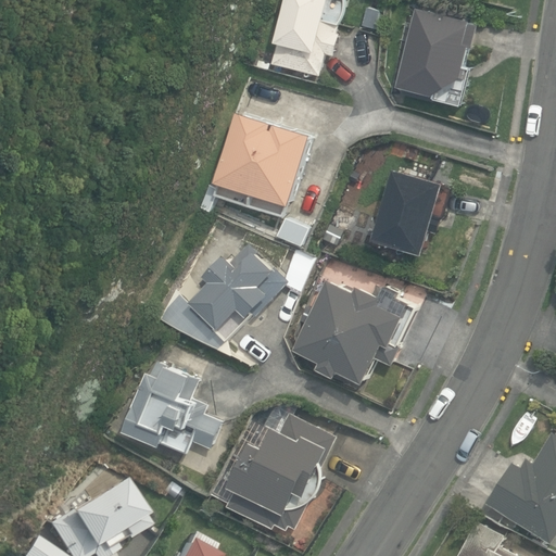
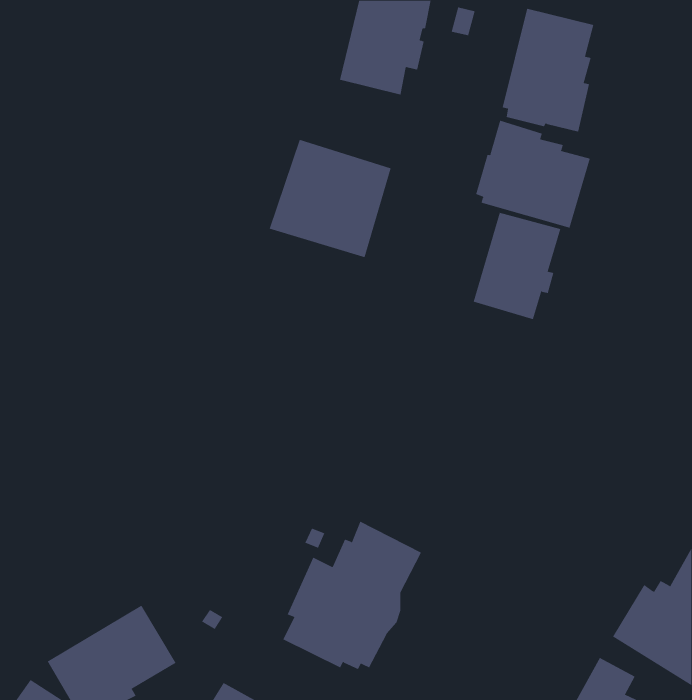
building: none -> [475,120,590,229]
building: [187,243,285,342] -> none
building: [292,279,412,383] -> none
building: [124,365,215,452] -> none

